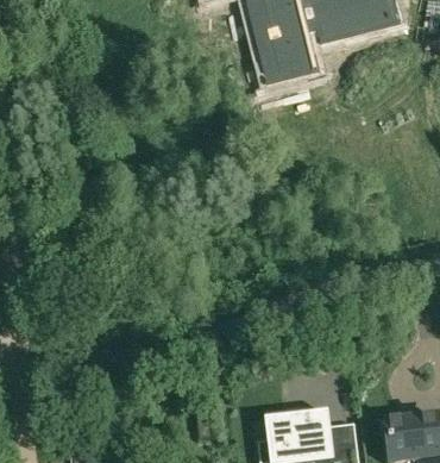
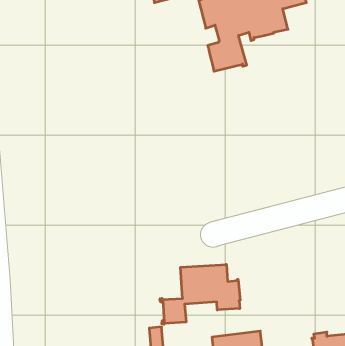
building: none -> [160,264,240,324]

